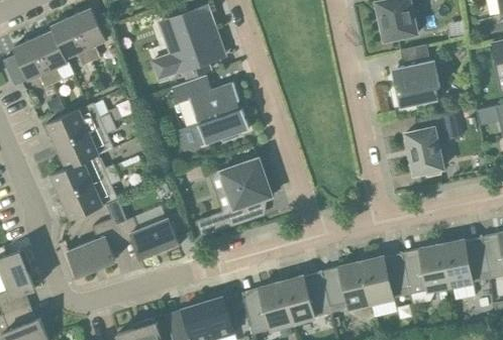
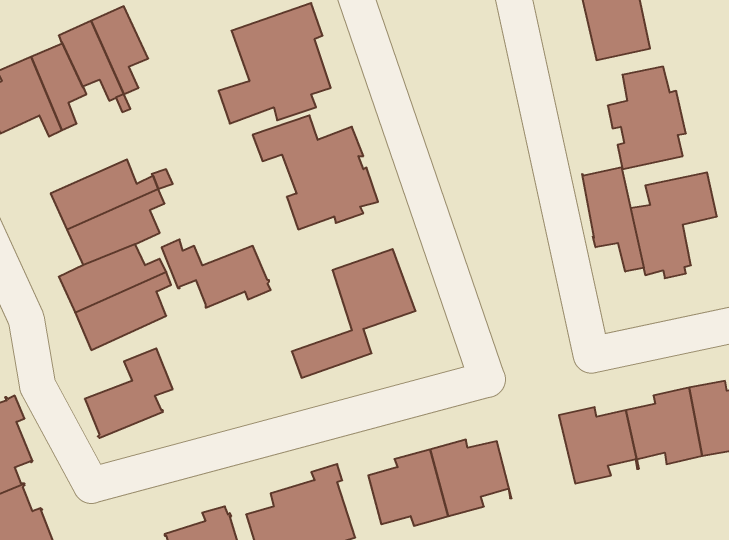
building: none -> [582,167,644,272]
building: [111,215,179,257] -> [162,239,271,308]
building: [322,261,371,313] -> none

